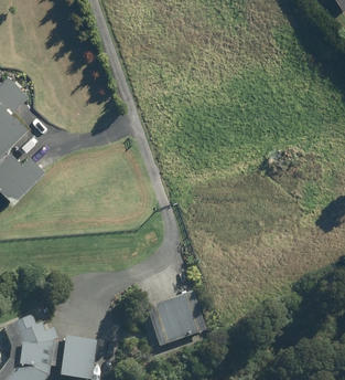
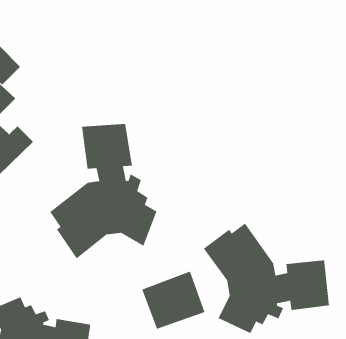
building: none -> [49,123,158,260]
building: none -> [203,222,330,334]

